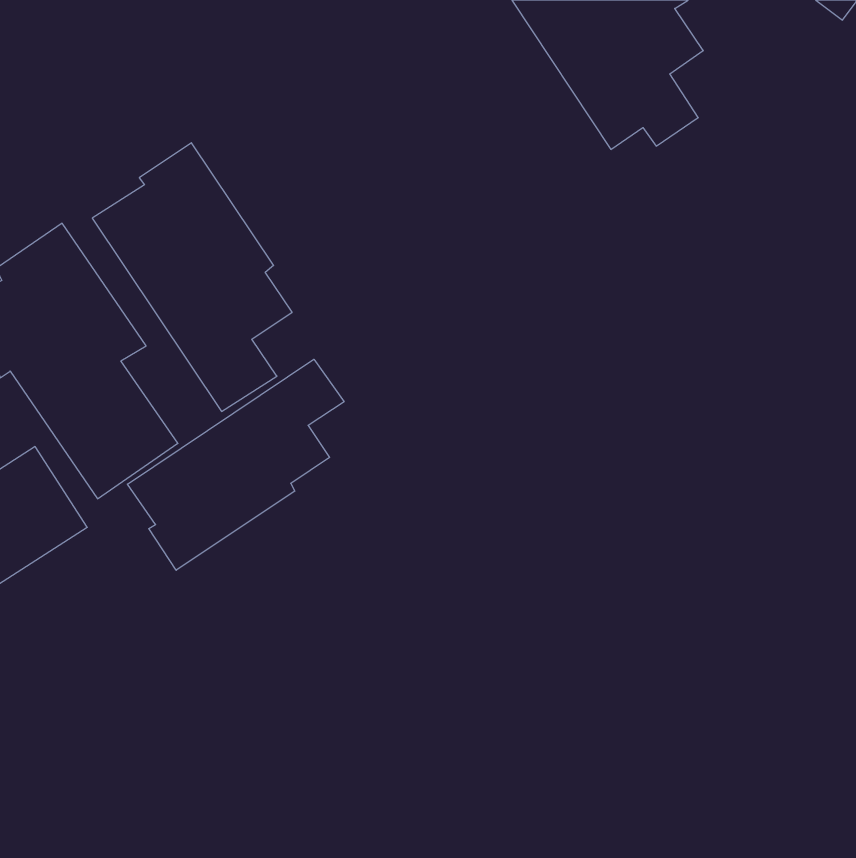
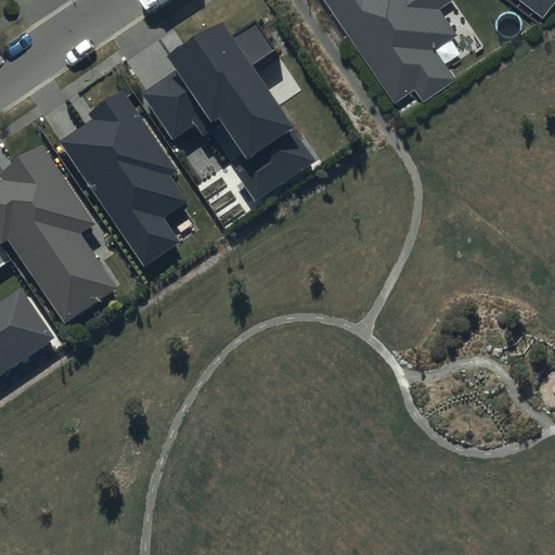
building: none -> [143,20,318,203]
building: [127,359,344,570] -> none

